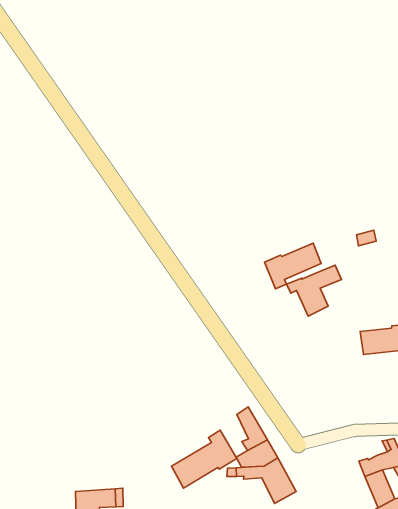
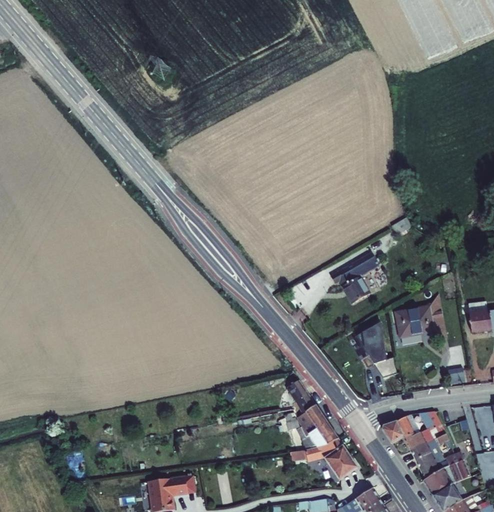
building: [264,243,321,289] -> none
building: none -> [358,325,399,379]
building: [172,430,237,488] -> none
building: none -> [383,416,423,442]

